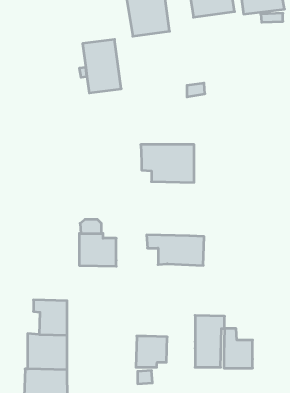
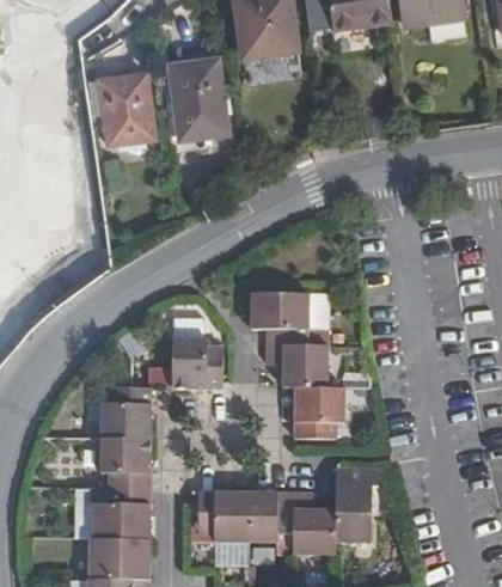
building: none -> [88,77,157,146]
building: [141,145,194,182] -> [249,294,326,349]
building: none -> [293,390,347,444]
building: none -> [99,391,148,444]
building: [224,329,253,368] -> [293,496,335,554]
building: none -> [196,495,250,540]

